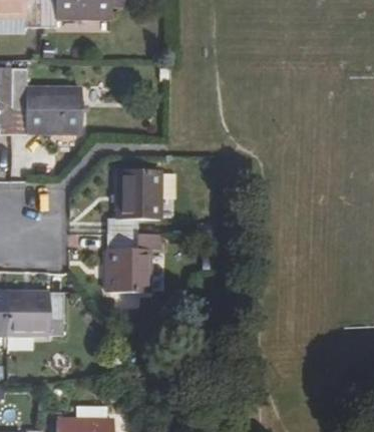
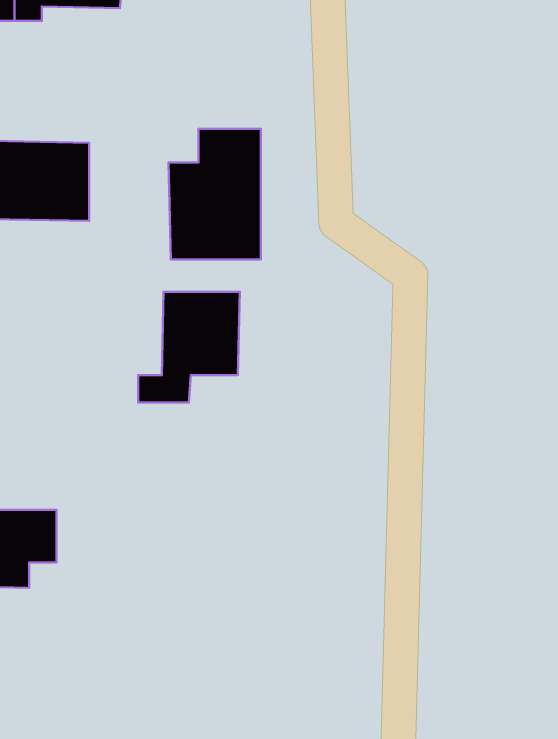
building: none -> [169,129,261,259]
building: [107,233,151,291] -> none

